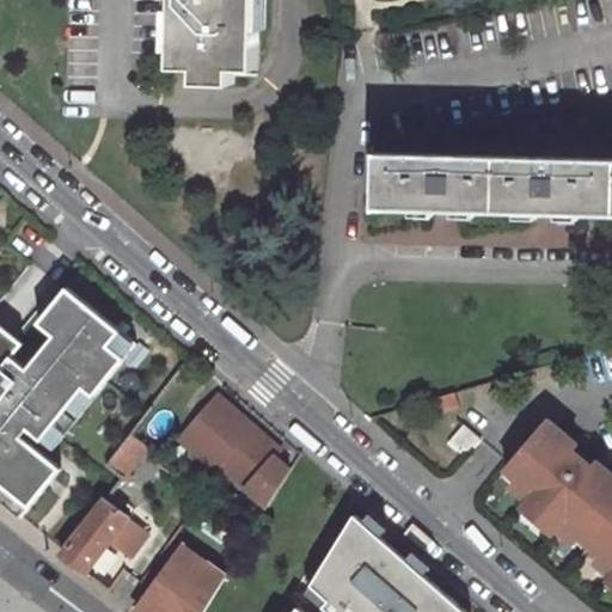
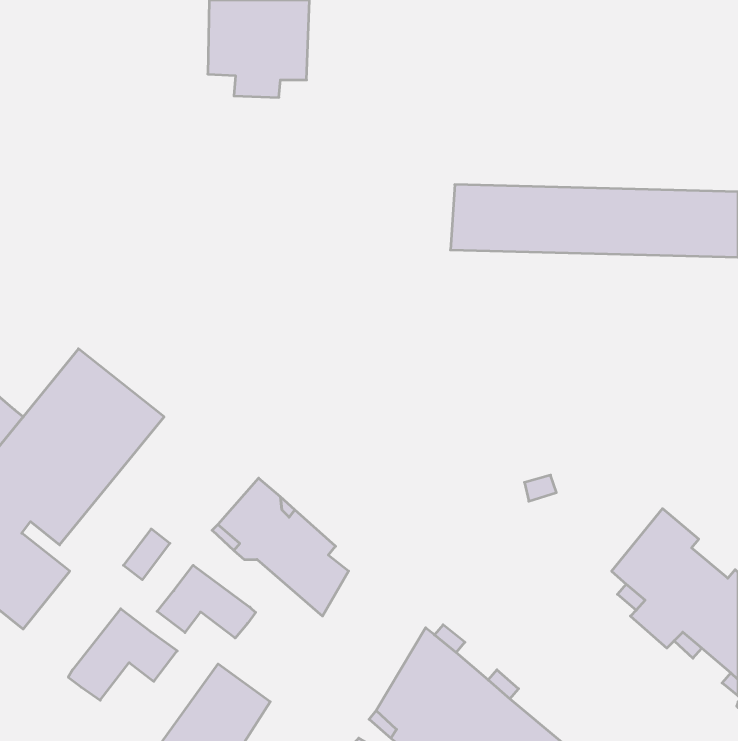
building: none -> [157,565,256,638]

